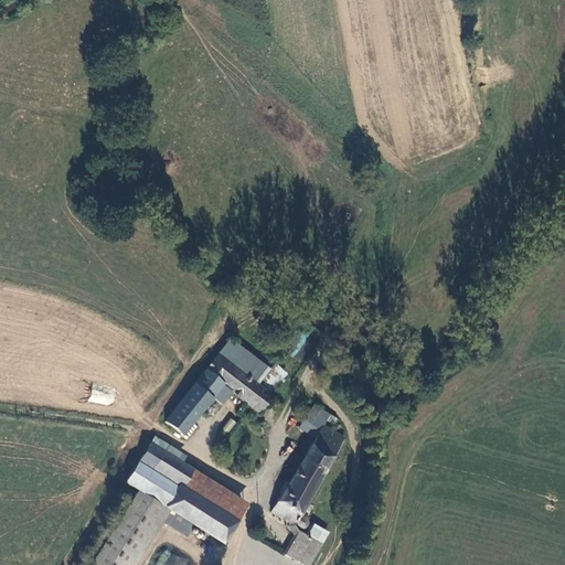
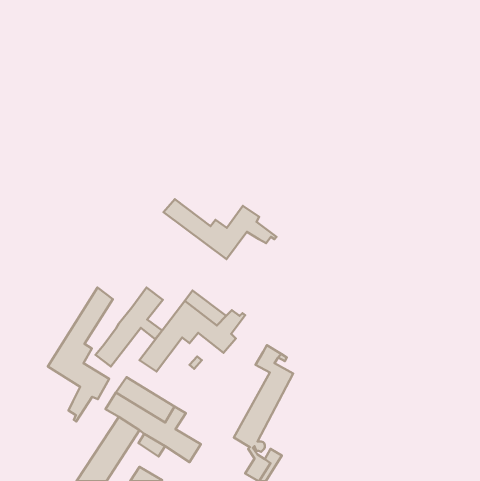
building: none -> [164,199,276,259]
building: none -> [95,287,163,367]
building: none -> [48,288,113,422]
building: [207,483,248,520] -> none

